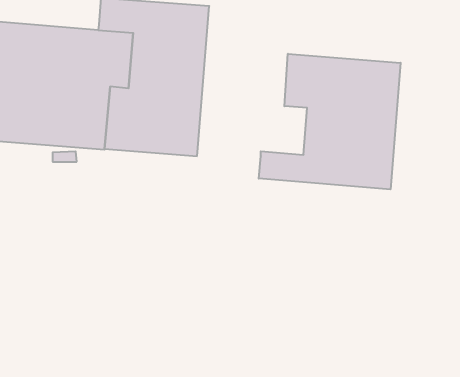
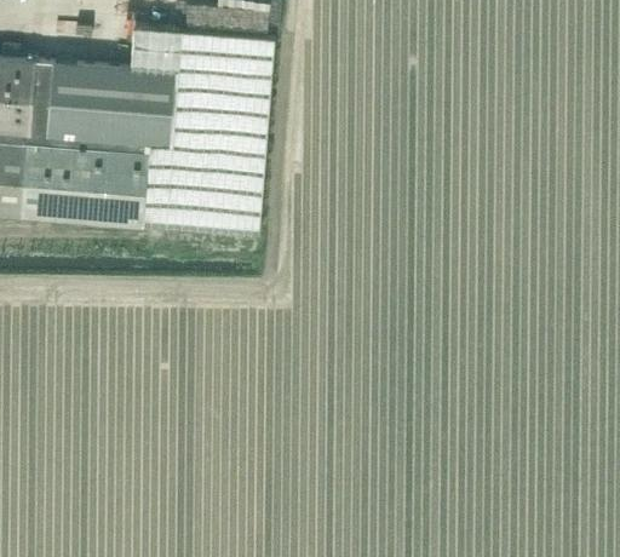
building: [259,54,401,189] -> none

